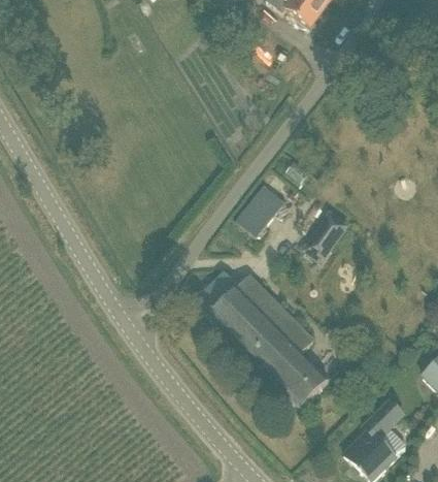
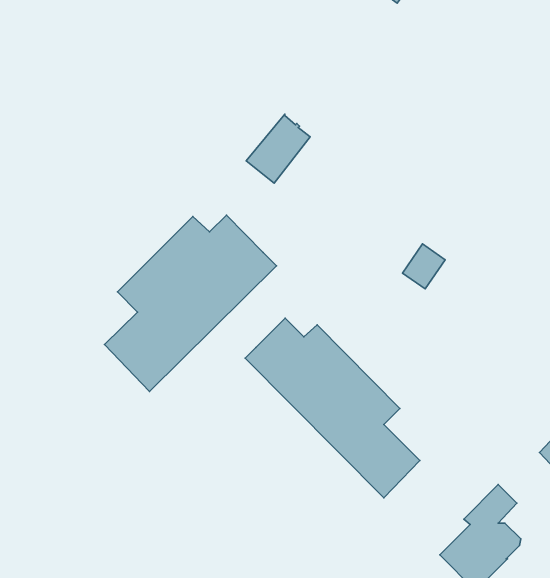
building: [236,182,285,235] -> [246,114,310,183]
building: none -> [104,215,276,391]

